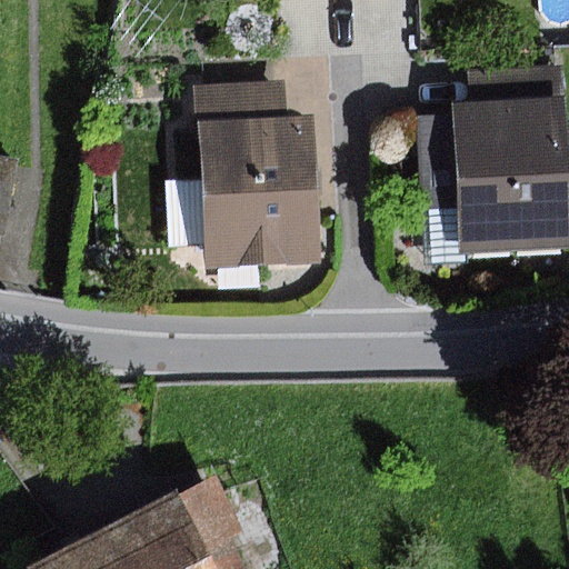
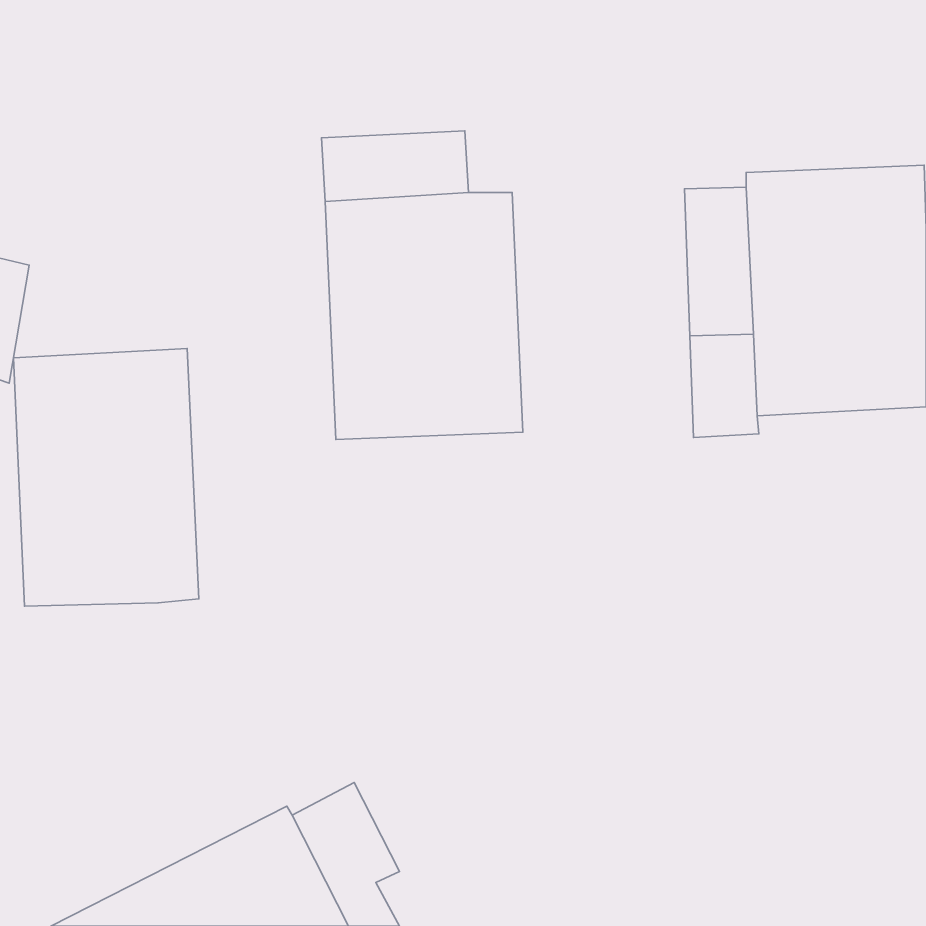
building: none -> [13,349,199,606]

